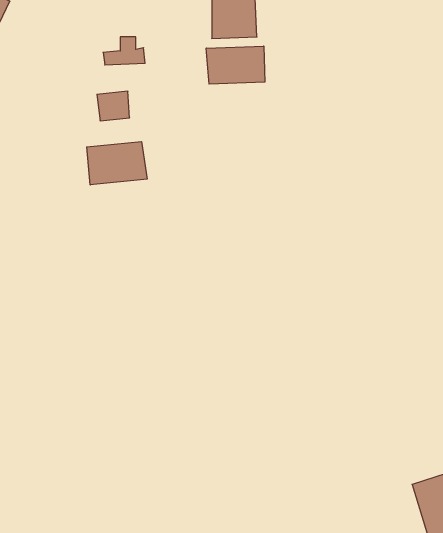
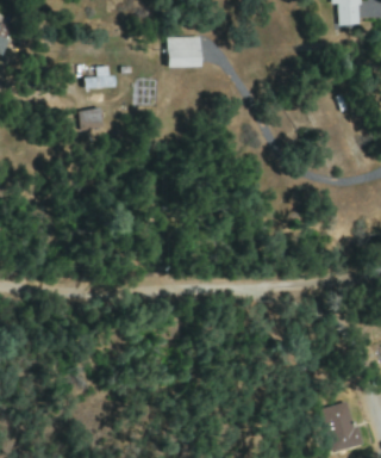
building: [206,46,265,84] -> none
building: [87,142,147,185] -> none

